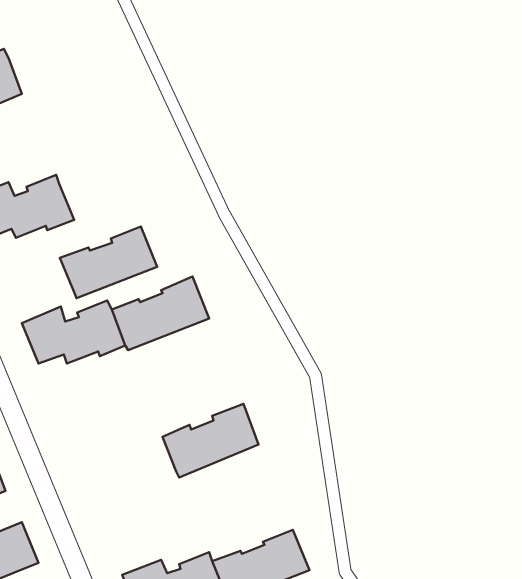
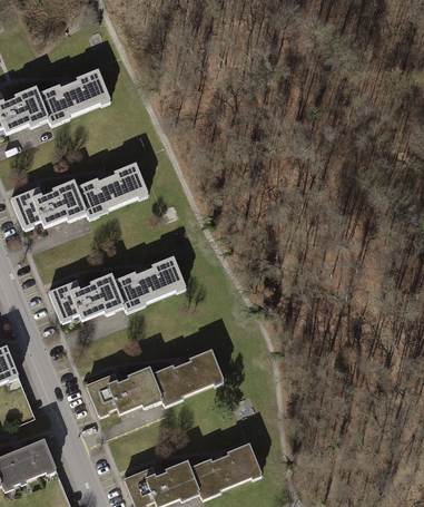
building: none -> [38,69,110,123]
building: [60,226,157,298] -> [76,163,148,216]
building: none -> [86,367,162,415]

